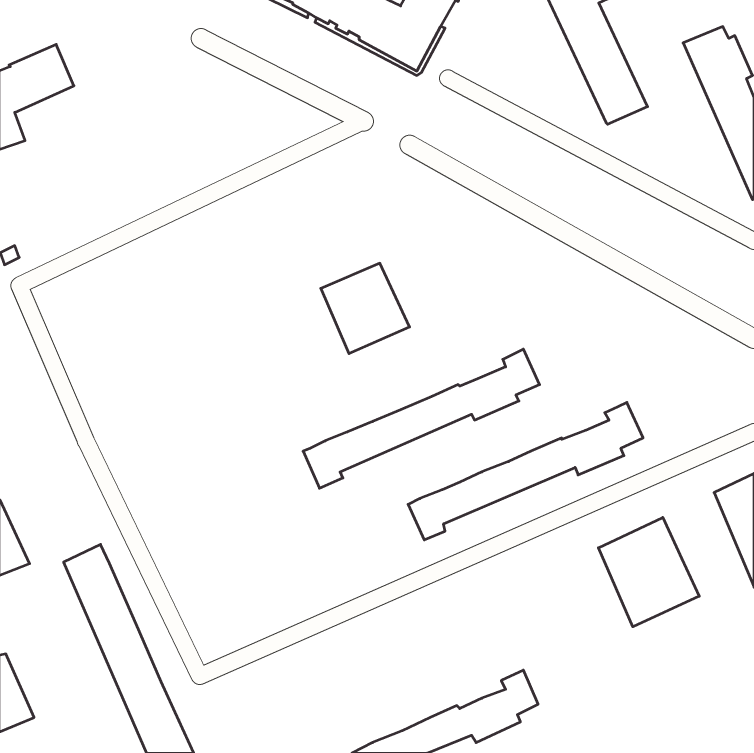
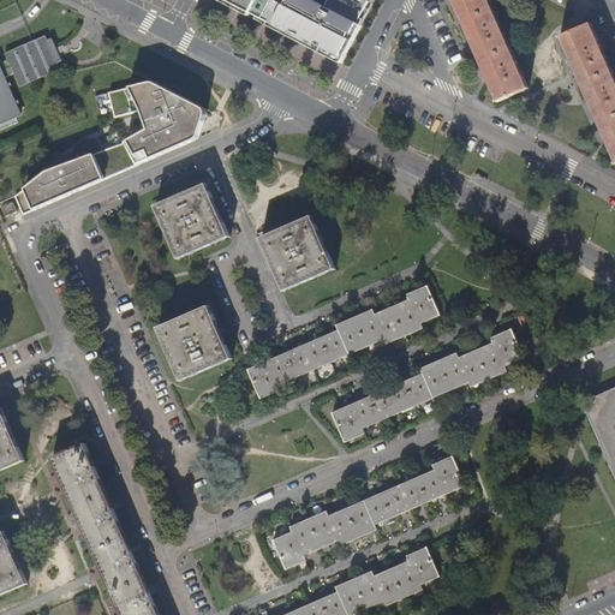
building: none -> [23,82,204,209]
building: none -> [155,183,228,257]
building: none -> [157,304,231,378]
building: [598,517,699,627] -> none
building: none -> [274,453,465,567]

